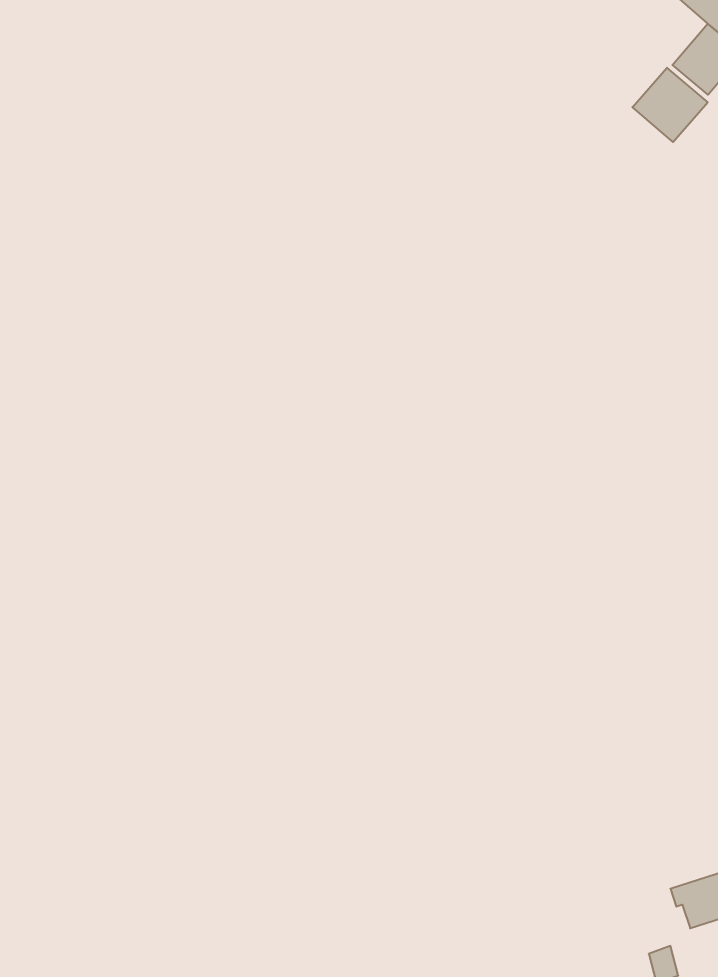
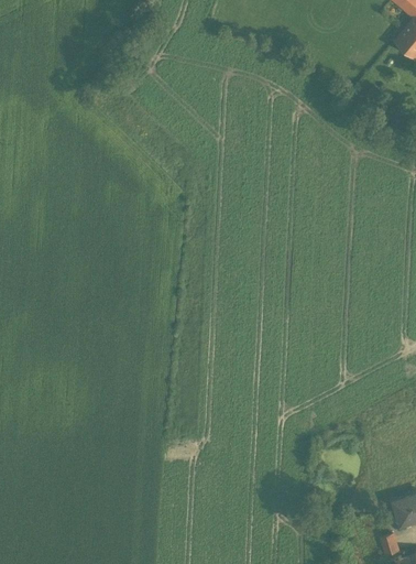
building: [632,68,708,142] -> none

